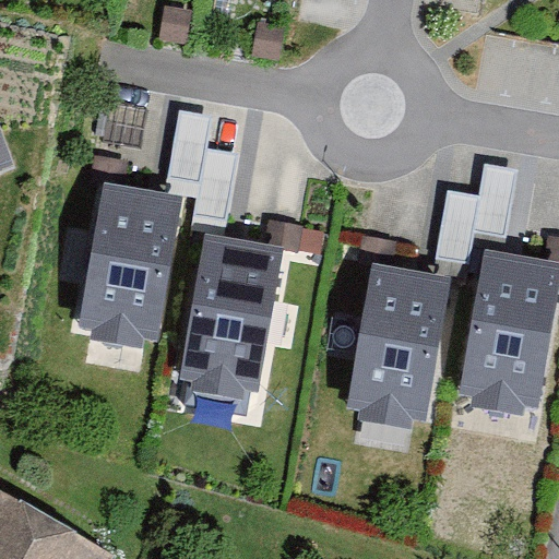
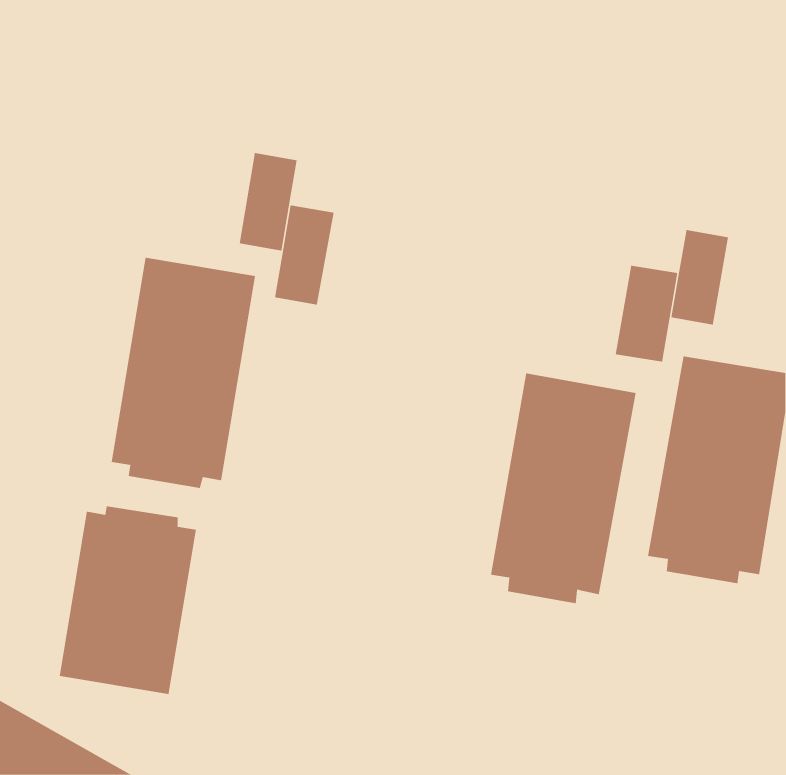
building: [180,235,284,408] -> none
building: none -> [59,505,196,695]

